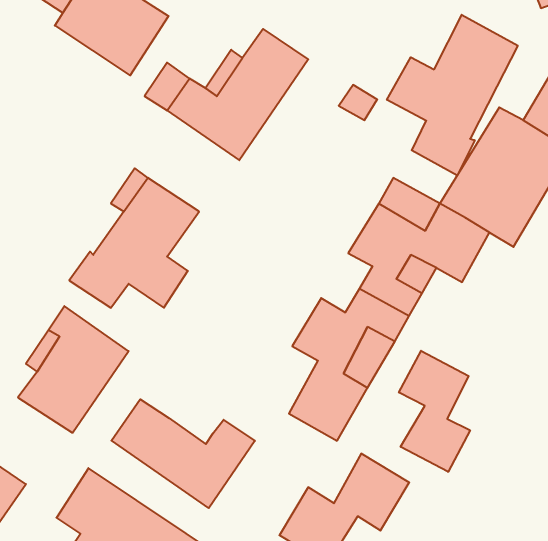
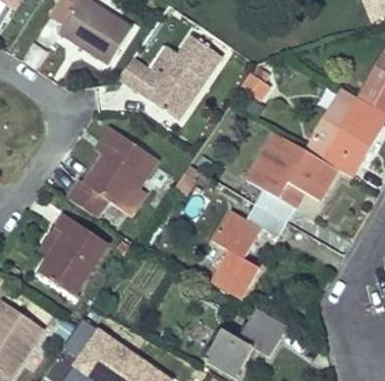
building: [387,15,518,176] -> none
building: [399,351,470,472] -> none
building: [111,399,255,508] -> none

